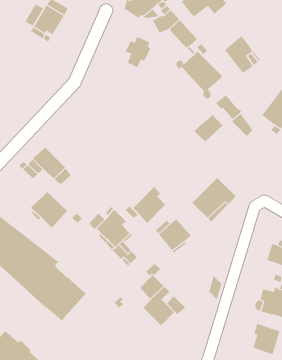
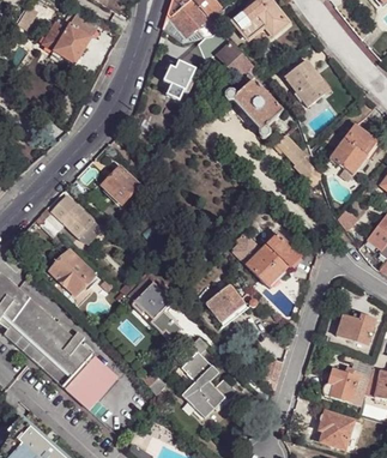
building: [194,114,223,143] -> none
building: none -> [103,164,139,201]
building: [133,186,166,224] -> none

